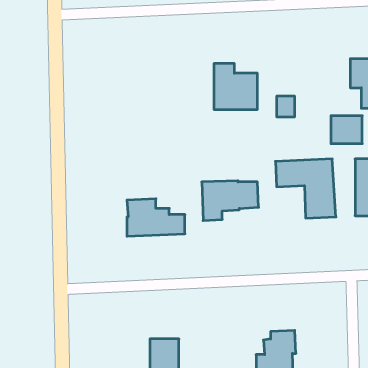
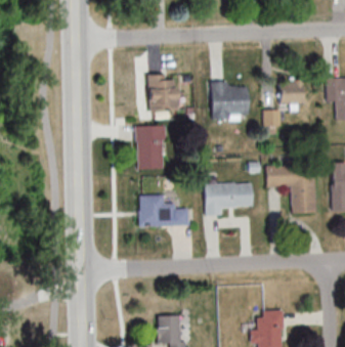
building: none -> [149,75,177,111]
building: none -> [138,126,166,169]
building: [331,116,362,144] -> [281,81,307,104]

